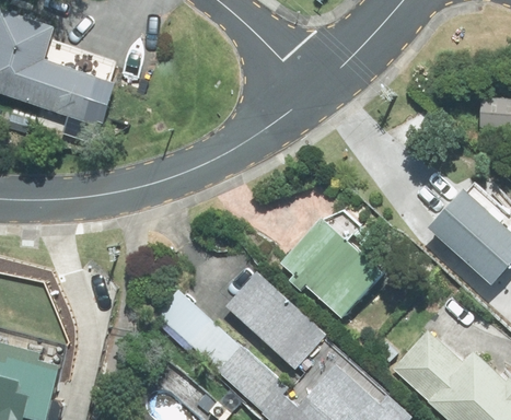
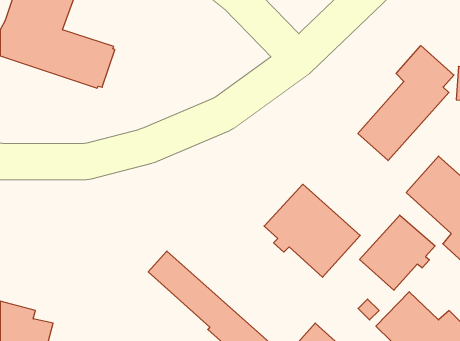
building: none -> [358,46,454,161]
building: none -> [360,215,435,290]
building: [225,276,323,370] -> none

